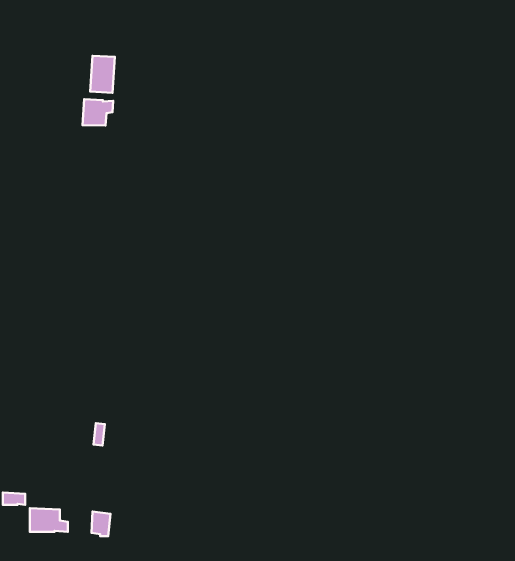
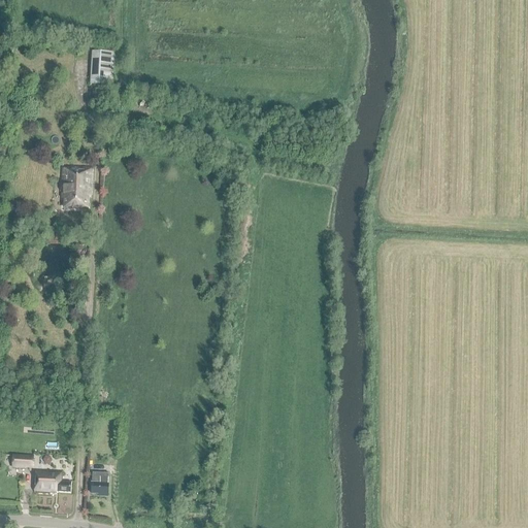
building: [82,99,113,126] -> none
building: none -> [60,167,90,207]

